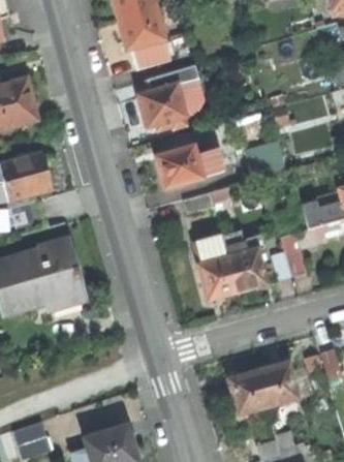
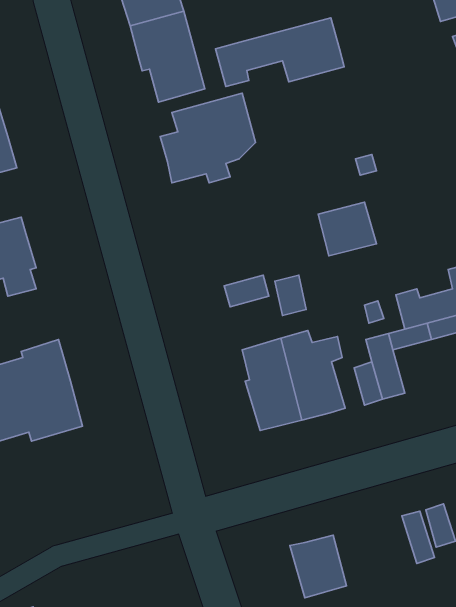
building: none -> [216,18,344,86]
building: [155,140,221,188] -> none
building: [257,364,296,406] -> none

